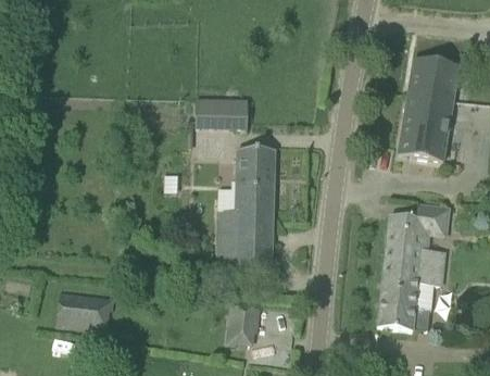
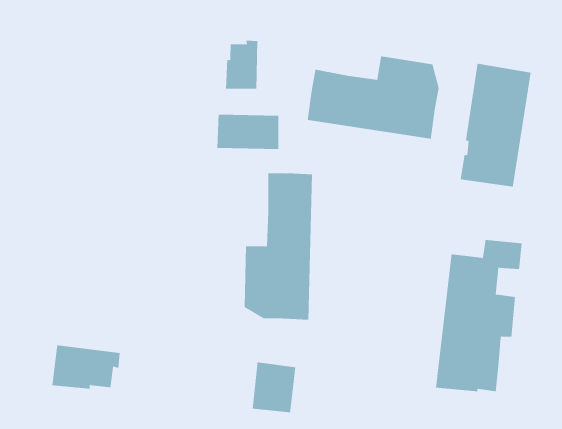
building: none -> [225,40,258,90]
building: none -> [307,56,439,140]

